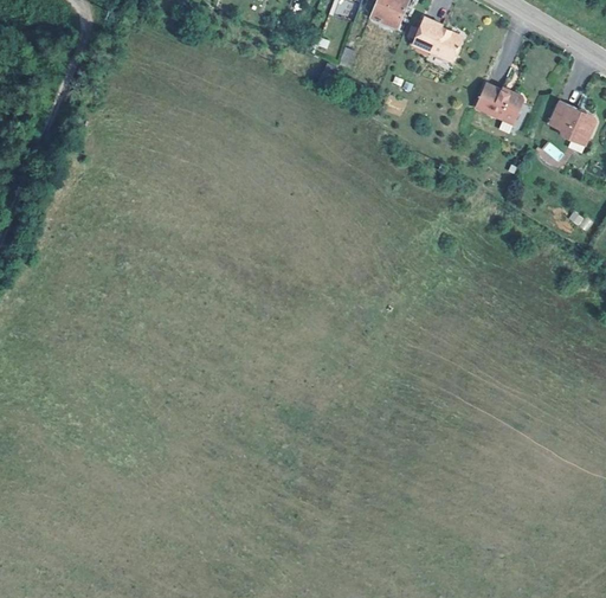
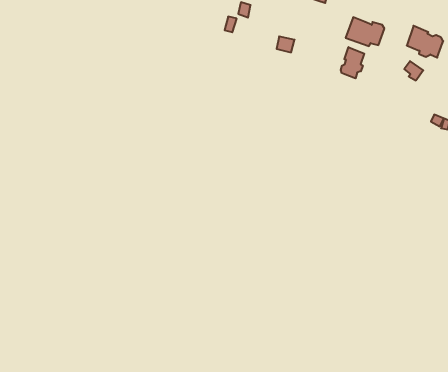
building: none -> [341,47,364,78]

